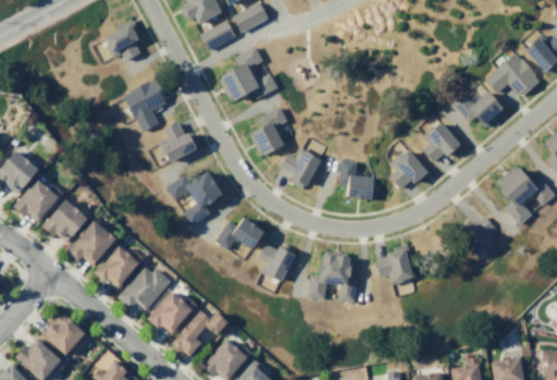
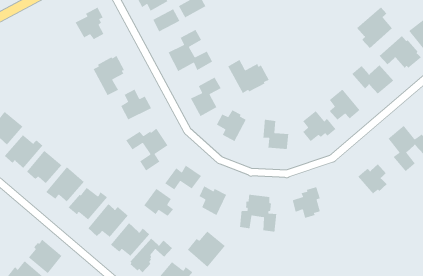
building: none -> [356,6,393,49]
building: none -> [227,59,270,94]
building: none -> [143,188,174,217]
building: none -> [187,230,226,268]

